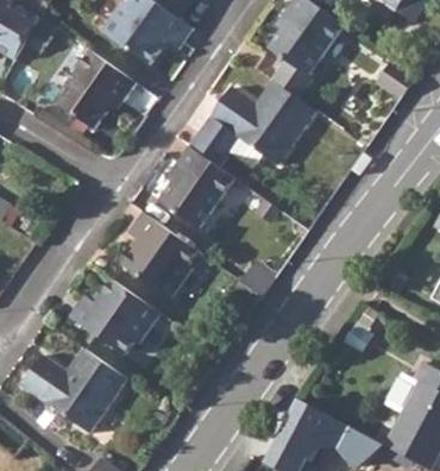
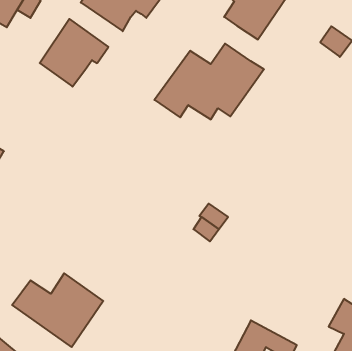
building: [157,145,232,228] -> none
building: [122,211,196,297] -> none
building: [69,278,158,354] -> none

